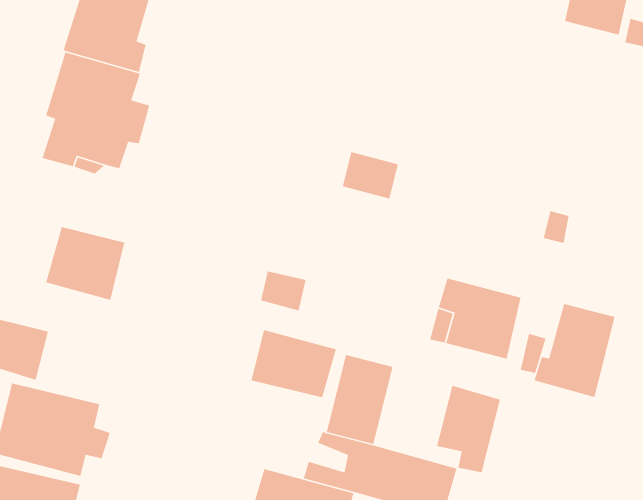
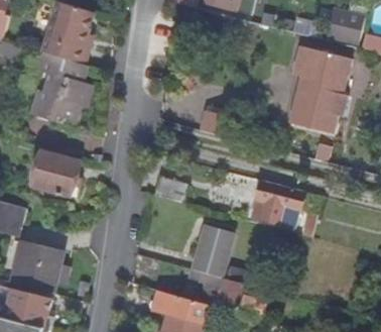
building: none -> [288,44,352,133]
building: [534,303,615,398] -> none
building: [251,329,337,398] -> none
building: [436,385,501,473] -> none

